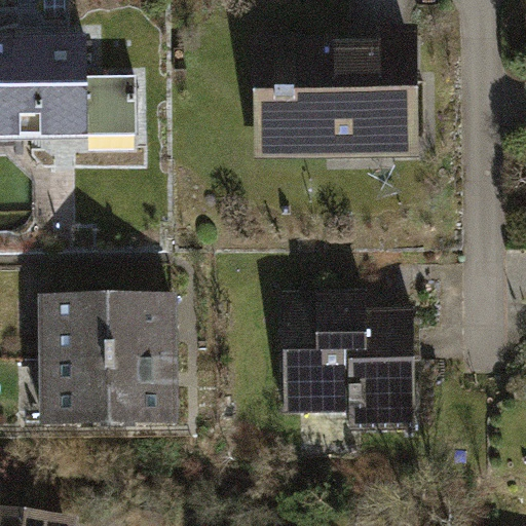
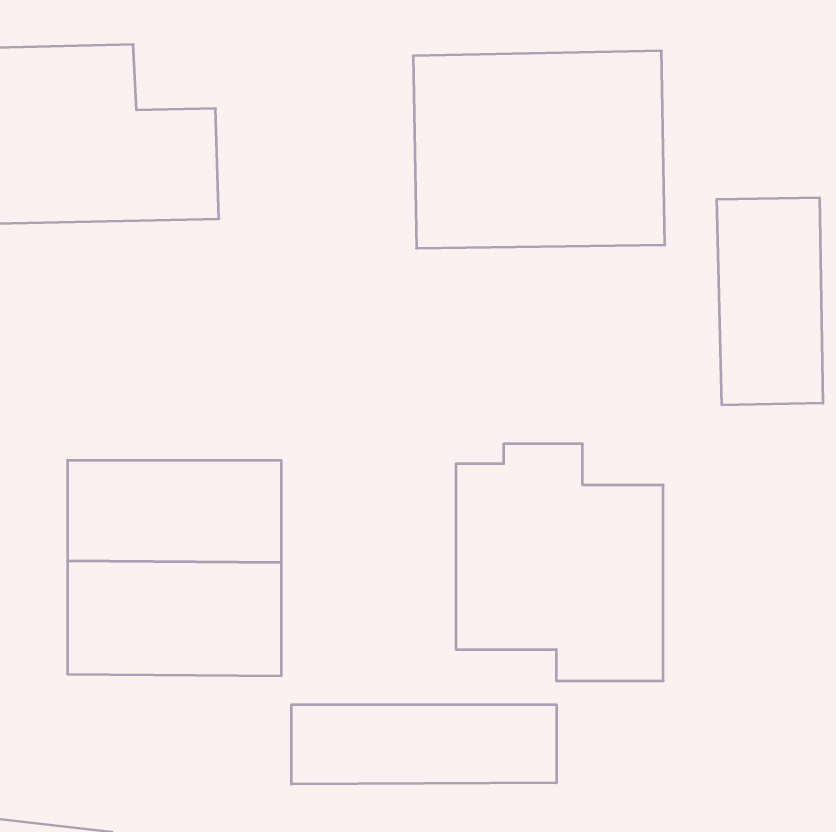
building: none -> [717,198,823,405]
building: none -> [291,705,556,784]

